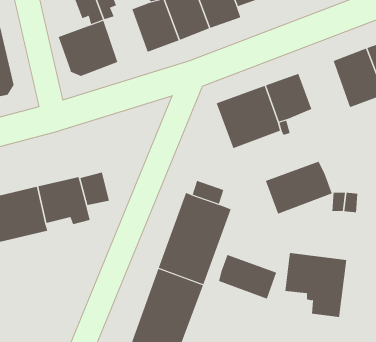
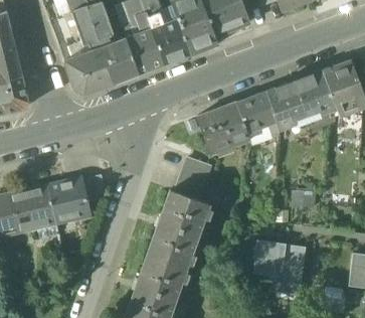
building: none -> [103,37,139,82]
building: none -> [265,81,308,130]
building: none -> [180,157,212,188]
building: [265,161,333,214] -> none
building: [218,254,277,299] -> none

